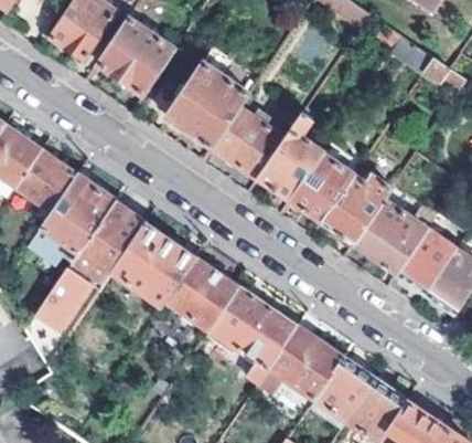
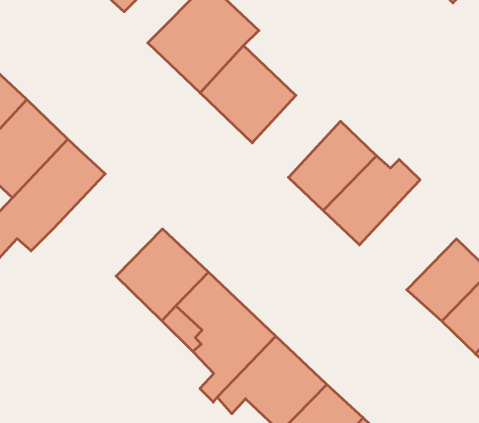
building: [256,110,322,201] -> none
building: [351,198,425,273] -> none
building: [114,221,197,304] -> none

